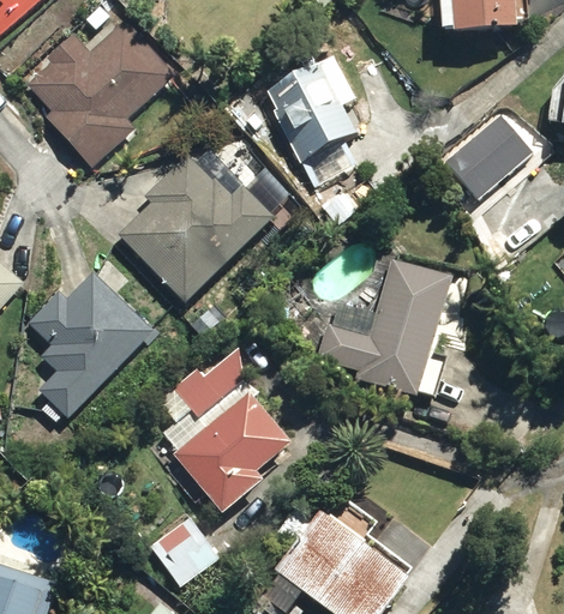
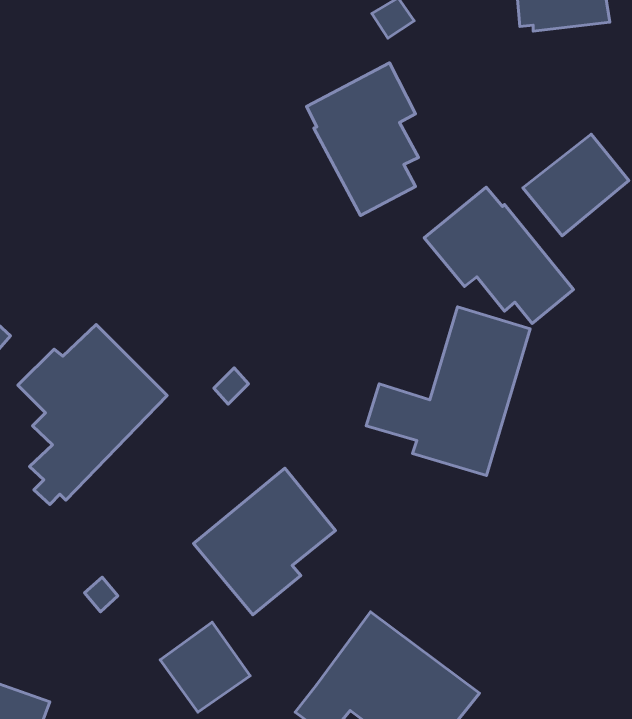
building: [26,20,174,165] -> none
building: [118,155,272,302] -> none
building: none -> [424,187,573,323]
building: [174,350,242,417] -> none

